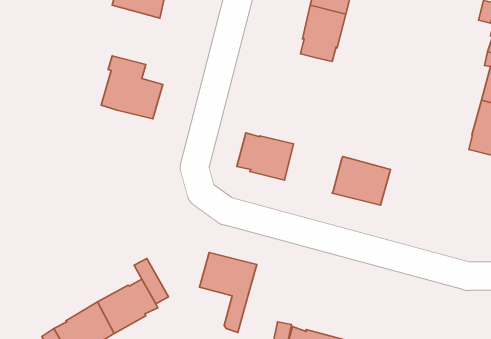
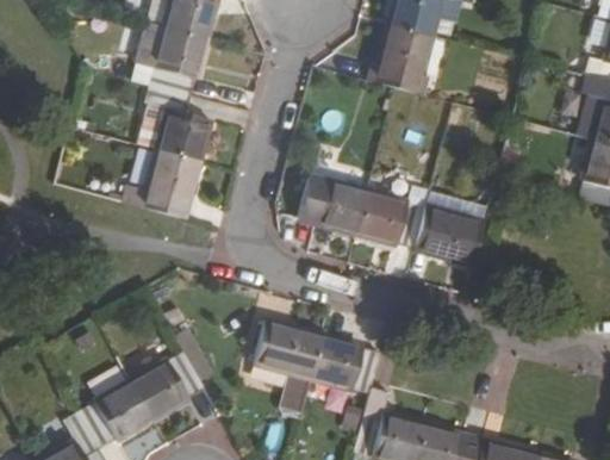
building: none -> [136,23,207,94]
building: none -> [124,149,199,217]
building: none -> [357,189,427,247]
building: none -> [312,335,381,392]

